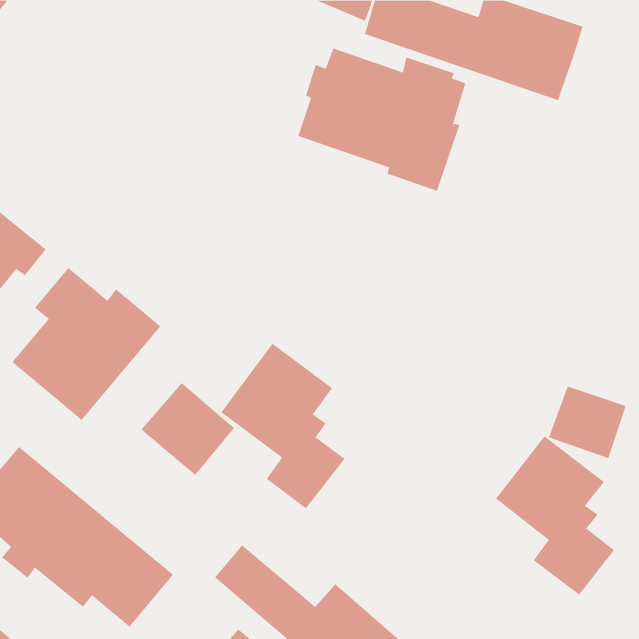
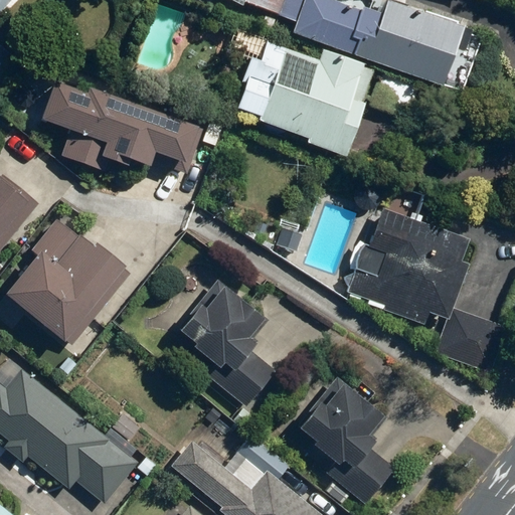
building: none -> [41,79,199,174]
building: none -> [349,207,475,325]
building: [140,382,235,476] -> none
building: [495,435,615,595] -> [296,377,391,505]

